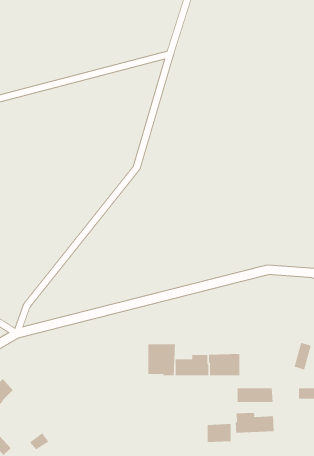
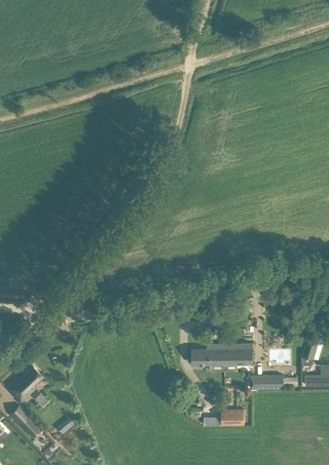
building: [148,344,175,376] -> none
building: [235,412,274,434] -> none

